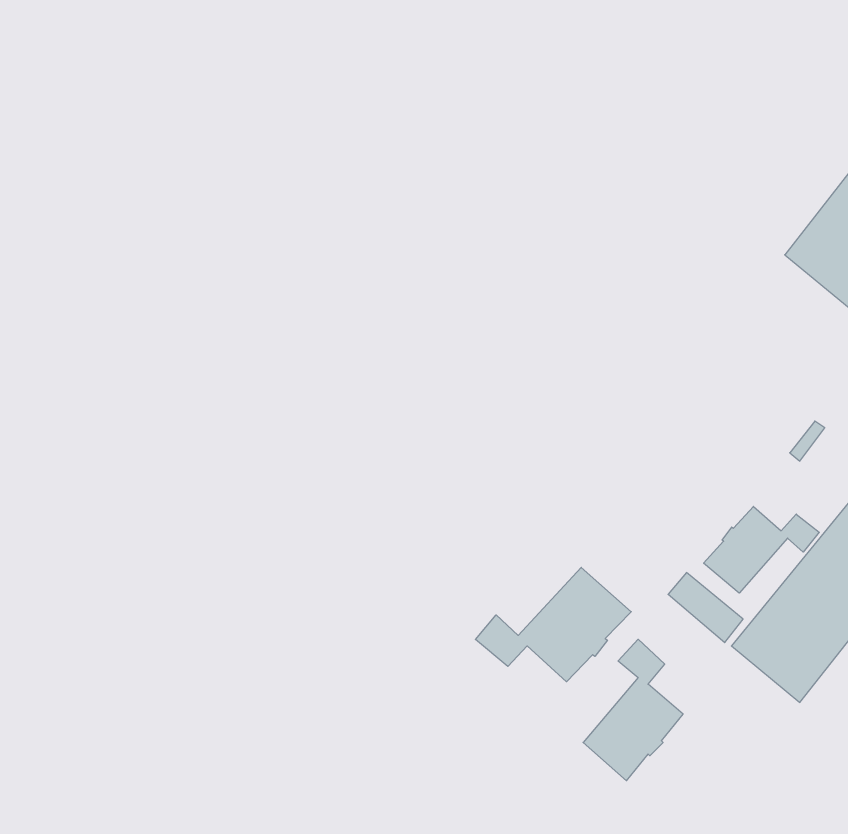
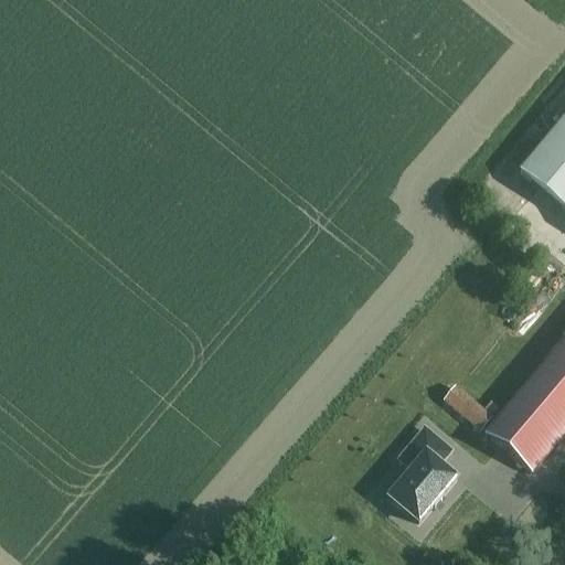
building: [704,506,819,593] -> none
building: [475,567,631,682] -> none

